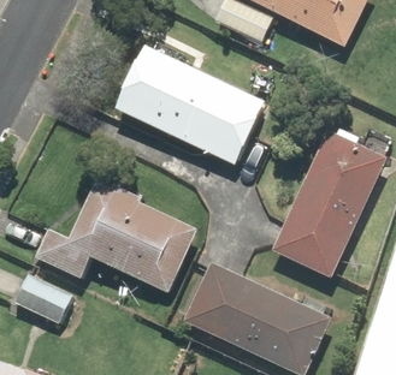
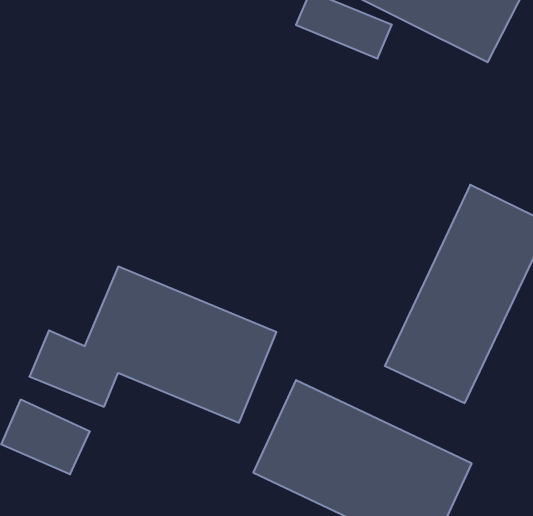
building: [114,44,265,166] -> none

